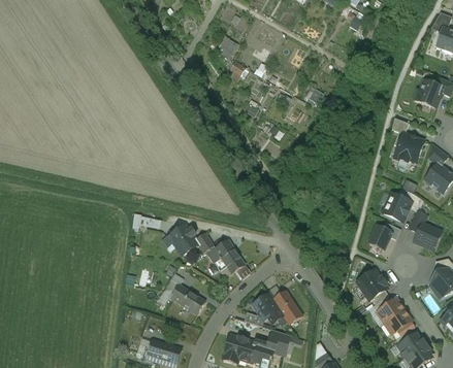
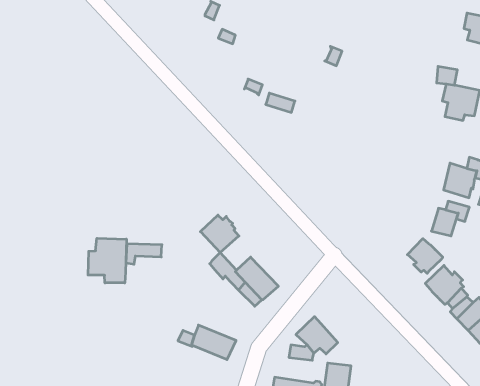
building: none -> [88,238,126,283]
building: [169,226,198,255] -> [200,215,239,253]
building: none -> [407,239,443,273]
building: [272,290,302,325] -> none

